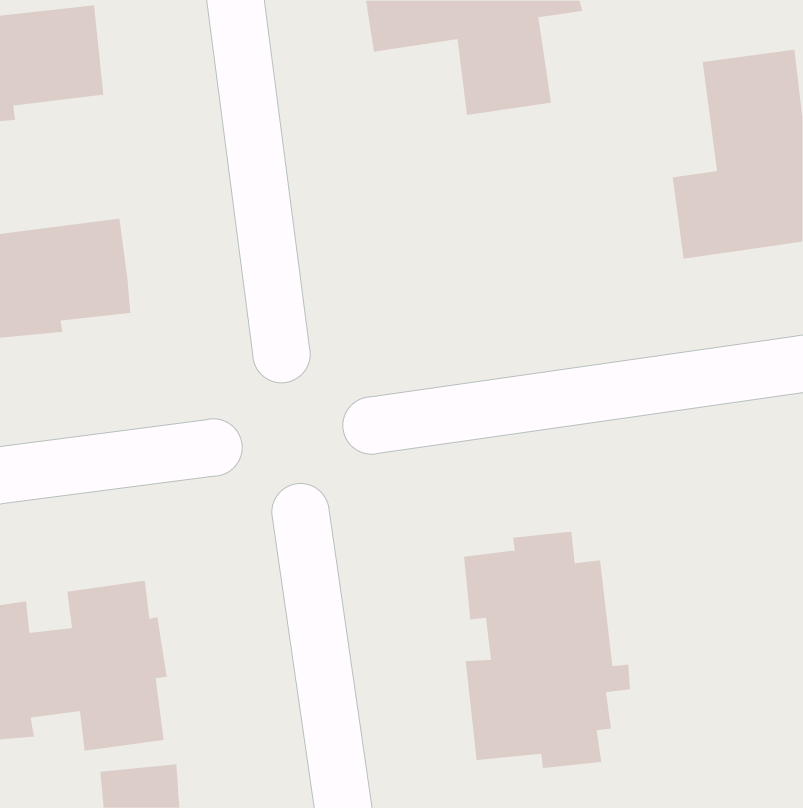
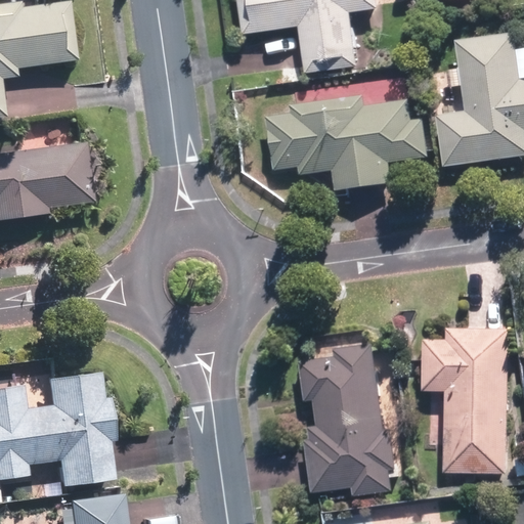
building: none -> [265,99,430,189]
building: none -> [421,326,509,475]

